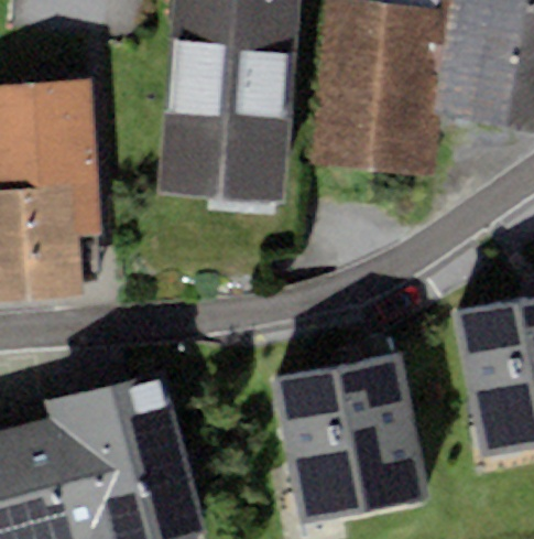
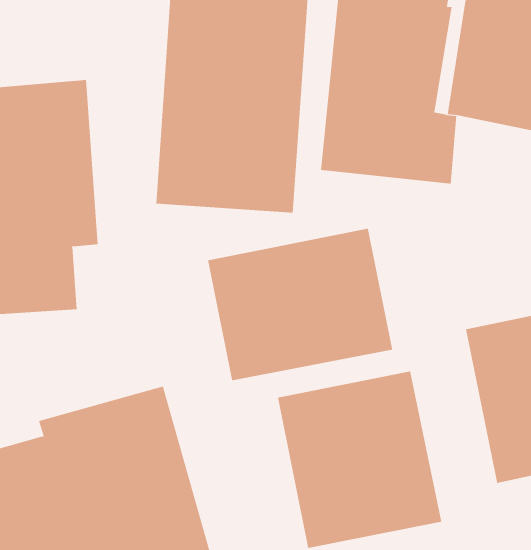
building: none -> [207,228,393,381]

